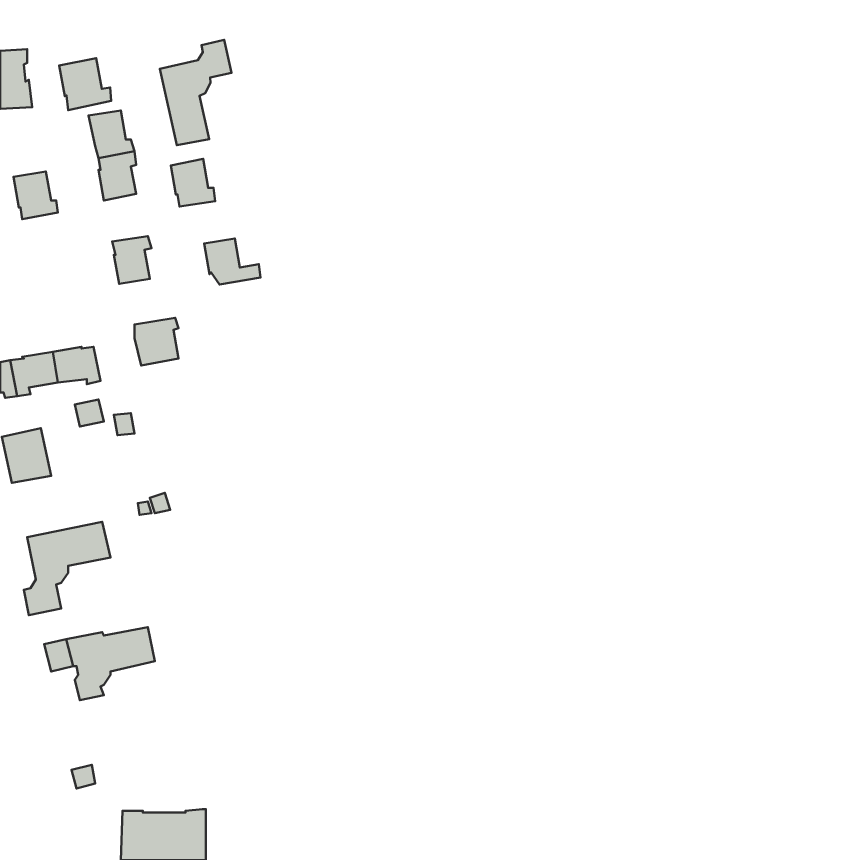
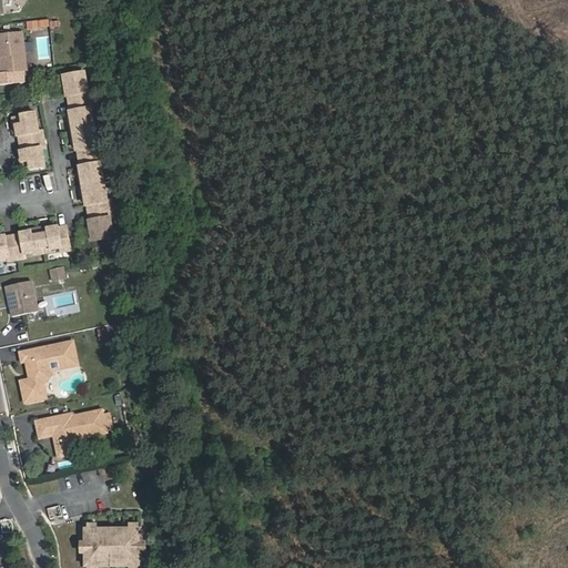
building: [160,40,231,145] -> none
building: [59,58,111,110] -> none
building: [171,159,215,206] -> [71,126,100,158]
building: none -> [18,139,42,170]
building: [204,239,260,284] -> [81,182,118,212]

